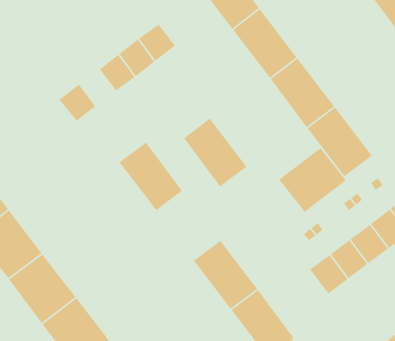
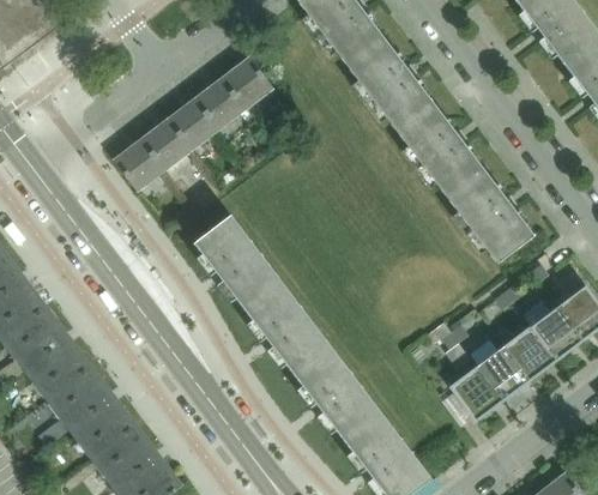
building: none -> [141,117,191,168]
building: [183,118,248,187] -> [244,280,331,374]
building: [278,147,347,213] -> none

